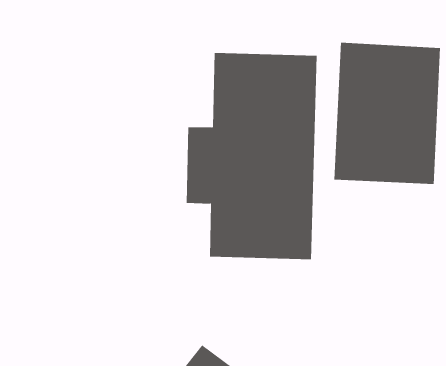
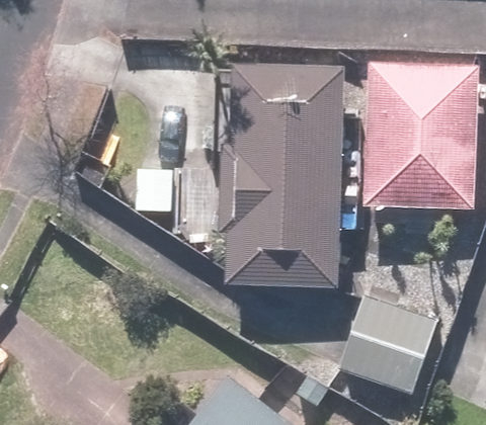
building: none -> [342,292,441,396]

